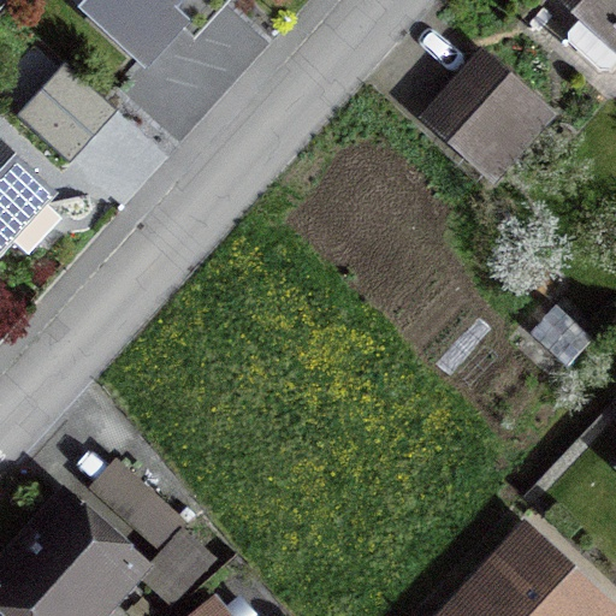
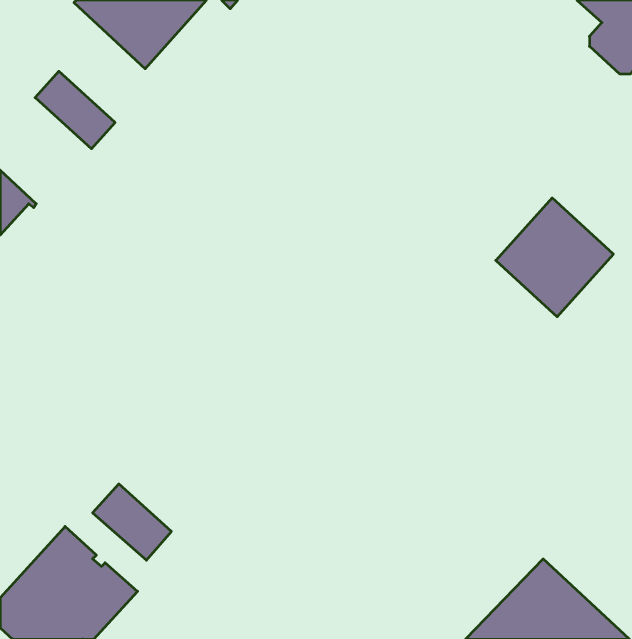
building: [432,61,545,176] -> [496,198,613,317]

